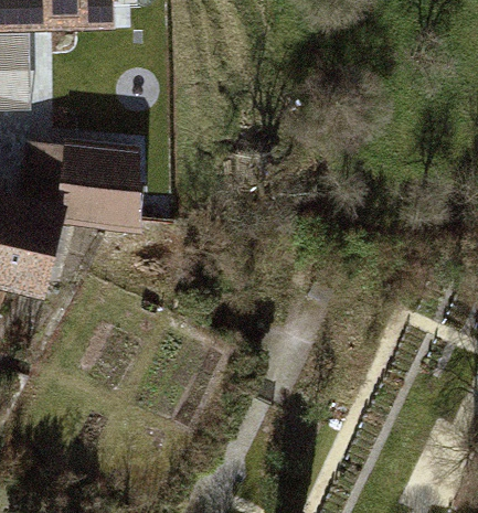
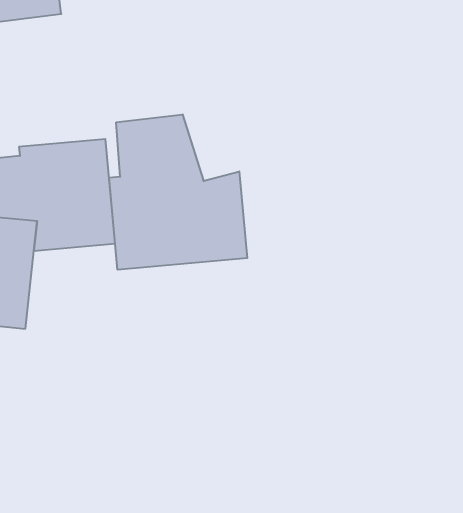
building: none -> [109,114,247,270]

